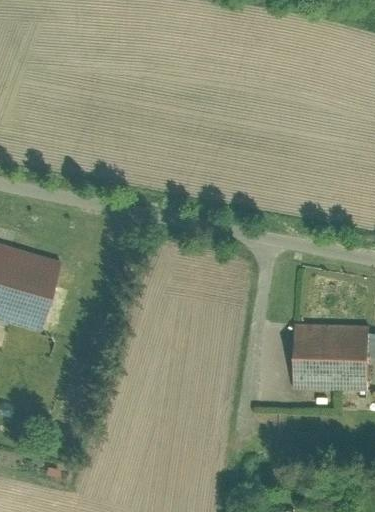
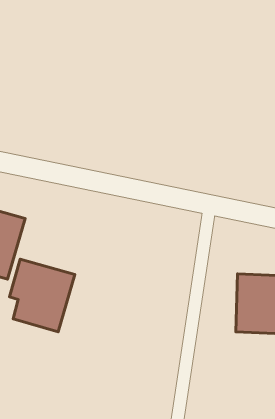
building: none -> [9,259,75,332]

